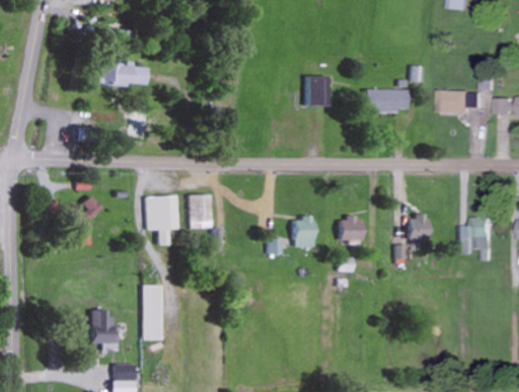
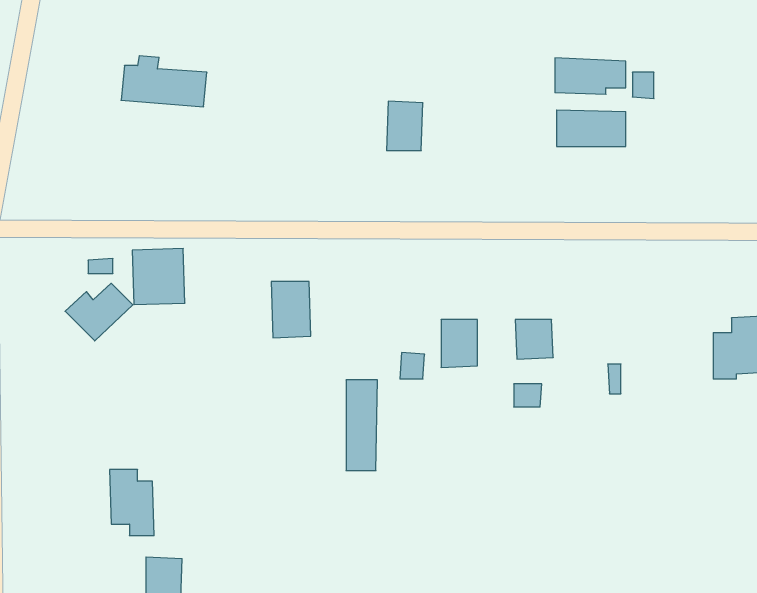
building: [305,75,327,105] -> [387,101,423,151]
building: [440,90,484,112] -> [555,58,626,94]
building: [147,195,179,230] -> [132,249,185,305]
building: [407,216,428,239] -> none
building: [143,285,162,340] -> [346,380,377,471]

